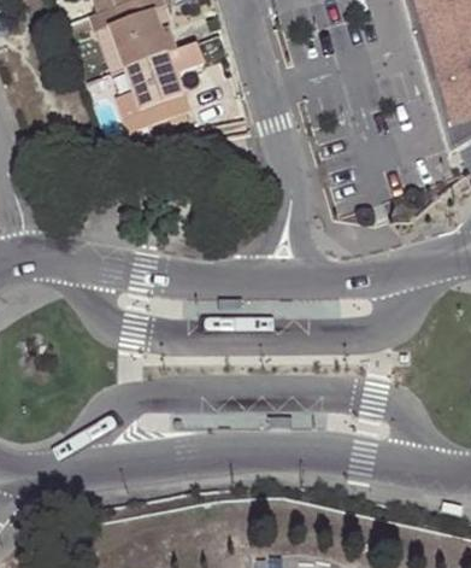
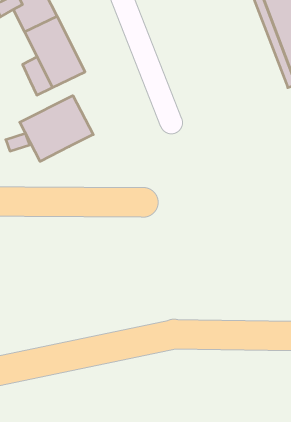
building: none -> [20,96,93,161]

